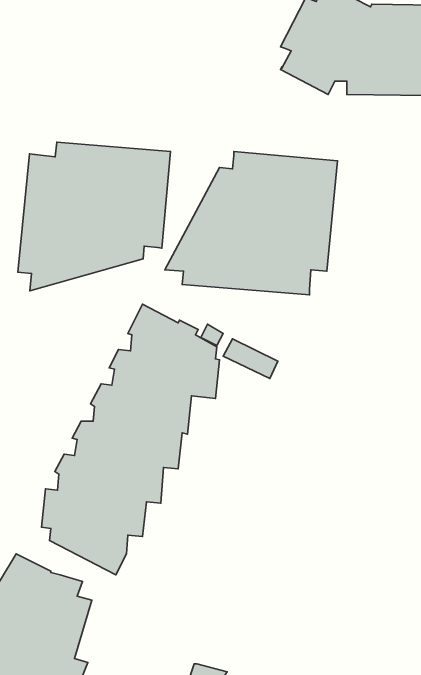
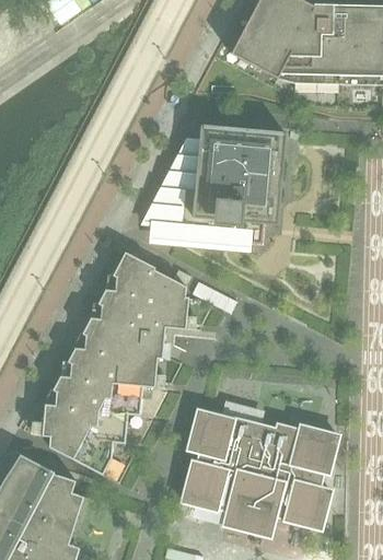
building: [18,142,170,291] -> none
building: none -> [181,410,337,536]

